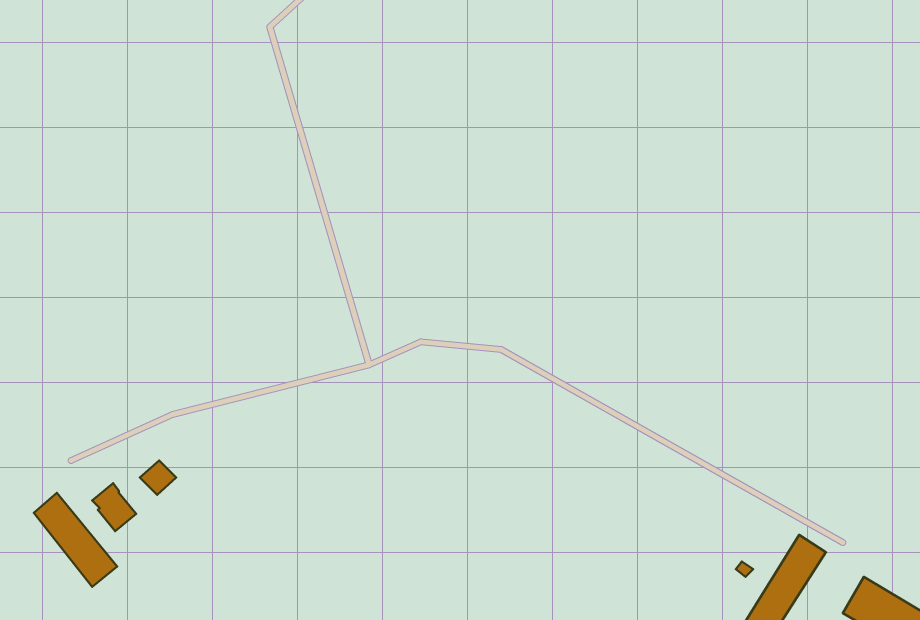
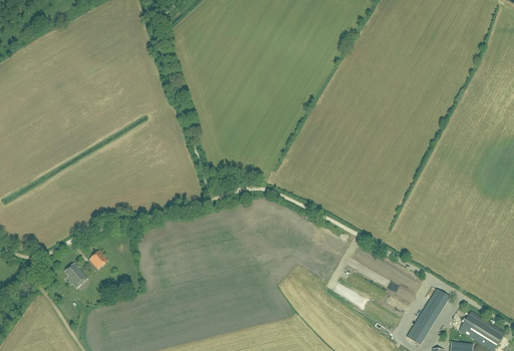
building: [34,493,117,587] -> none

